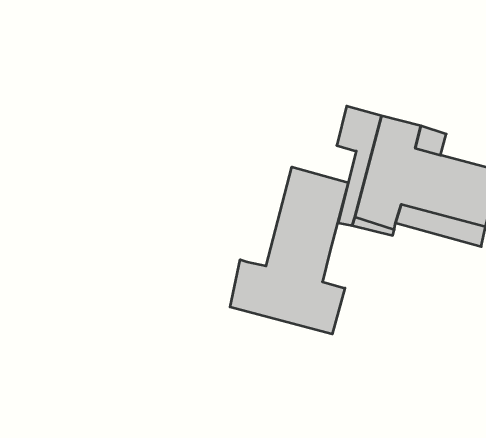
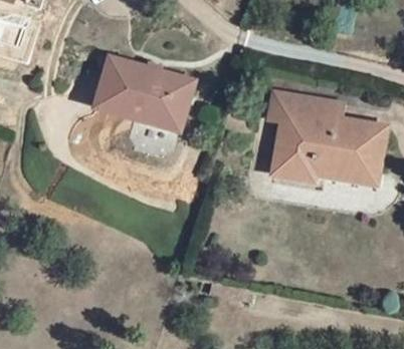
building: none -> [93,58,191,129]
building: [230,167,348,334] -> none

